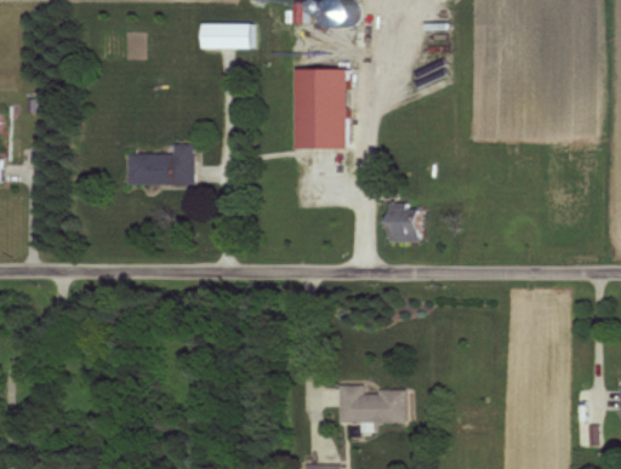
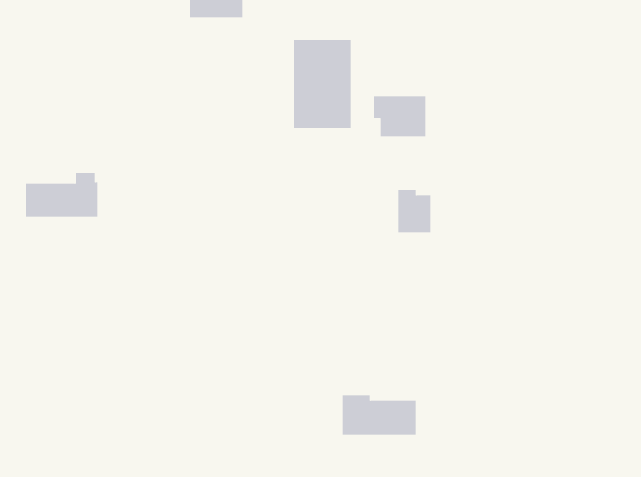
building: none -> [374,95,426,137]
building: [126,143,192,183] -> [25,173,98,217]

